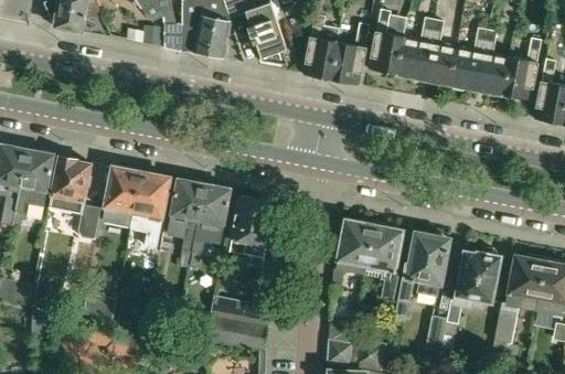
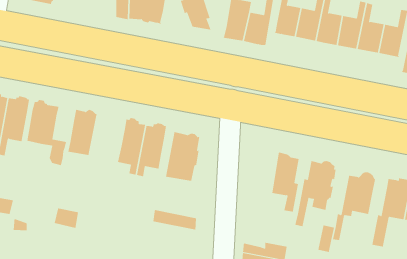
building: [130,170,169,248] -> none
building: [332,218,374,284] -> none
building: [206,314,268,350] -> none

